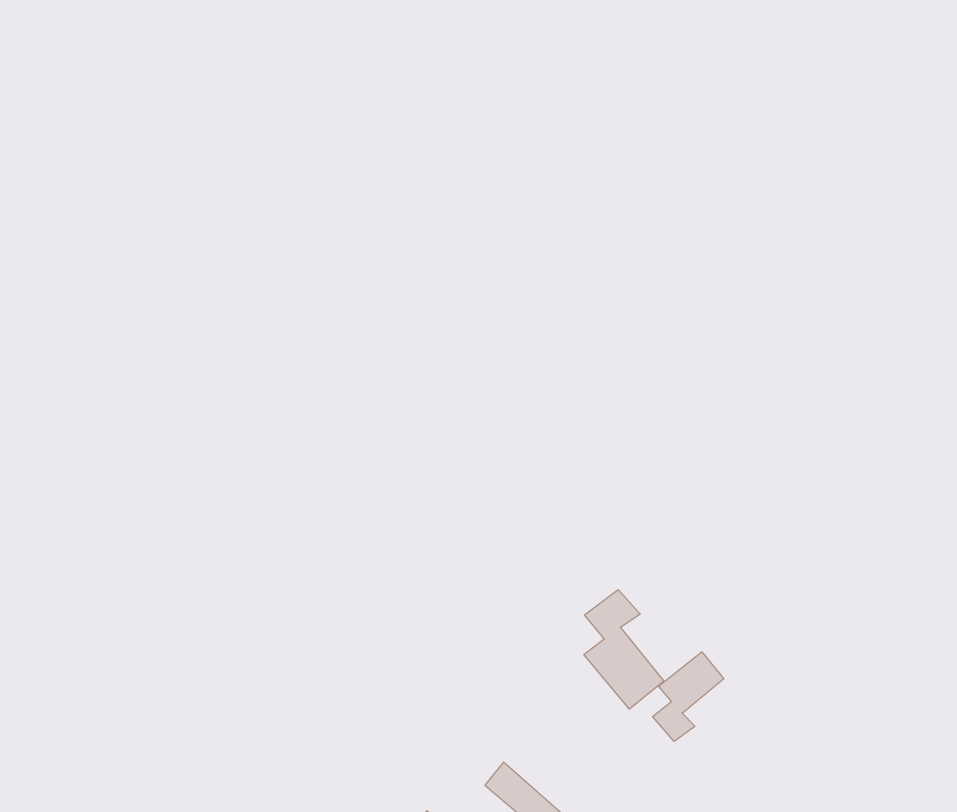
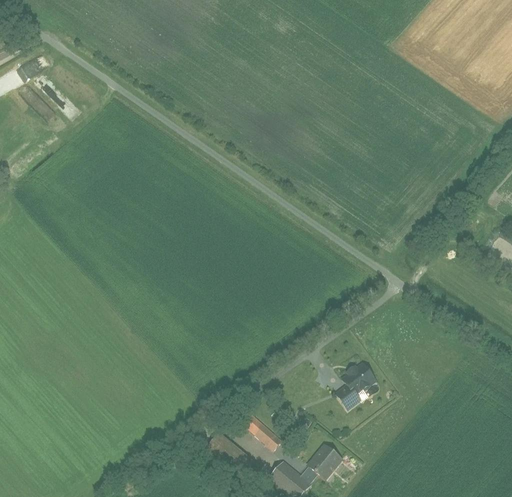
building: [584,590,664,709] -> none

